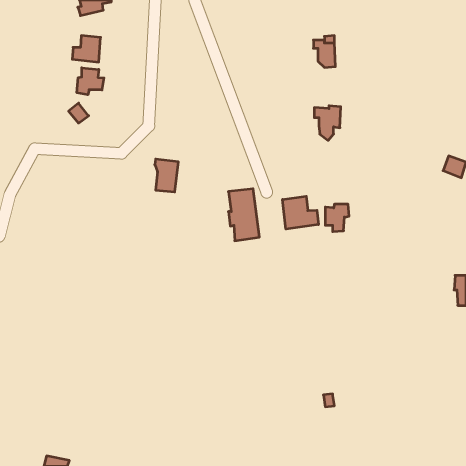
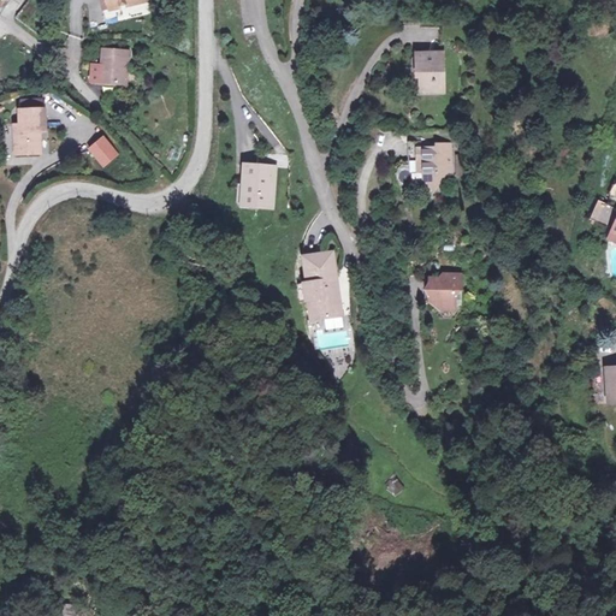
building: [77,68,104,95] -> none
building: none -> [12,114,42,160]
building: [155,159,178,192] -> [239,164,271,207]
building: [283,196,318,229] -> none

